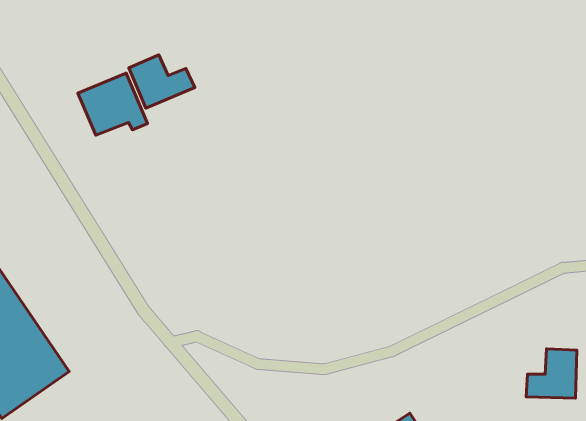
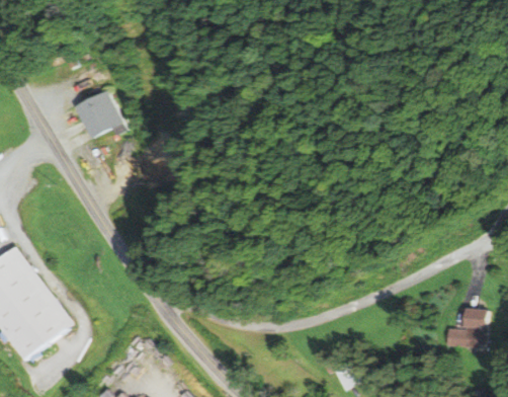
building: [129,55,195,108] -> none

